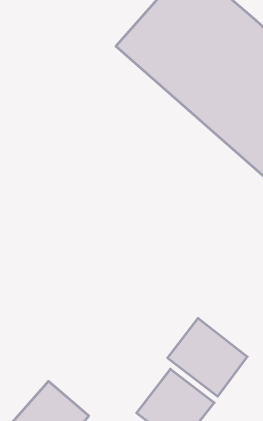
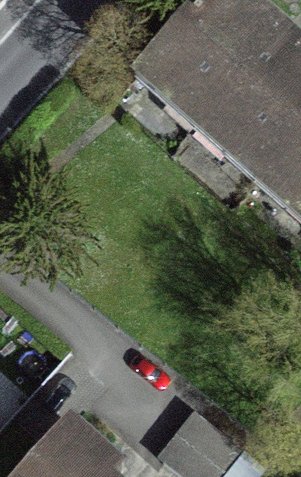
building: [168,318,247,396] -> none

